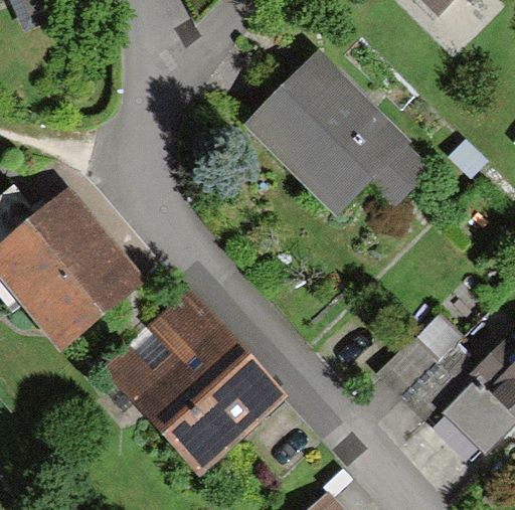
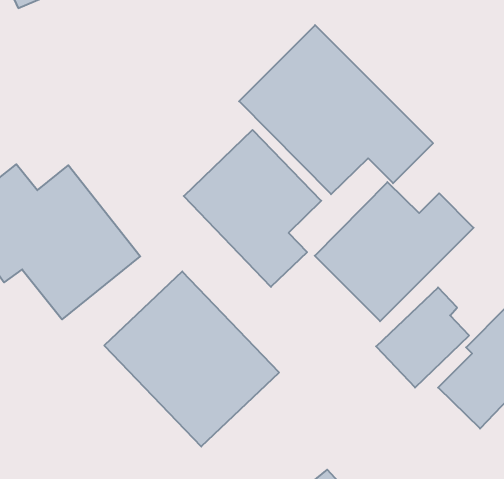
building: none -> [184,130,321,287]
building: none -> [315,182,474,321]

